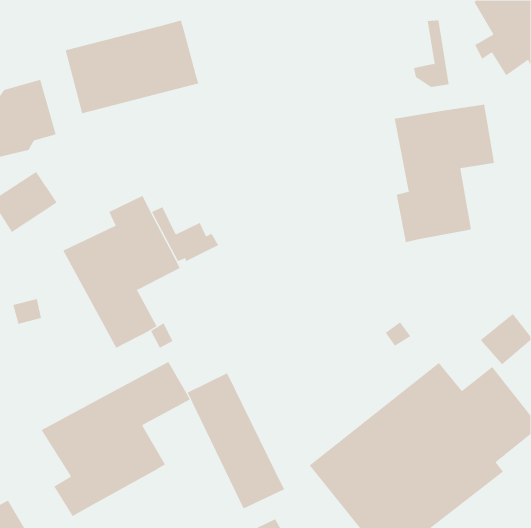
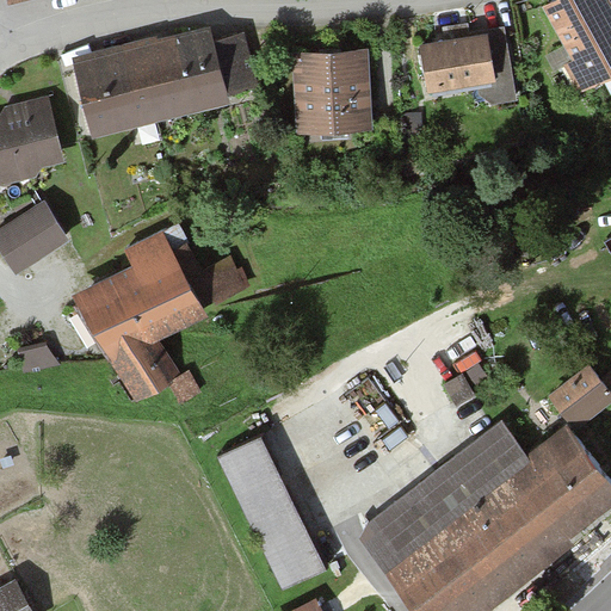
building: none -> [416,30,496,92]
building: none -> [211,32,257,94]
building: none -> [292,50,371,141]
building: [394,104,495,243] -> none
building: [41,361,190,517] -> none

